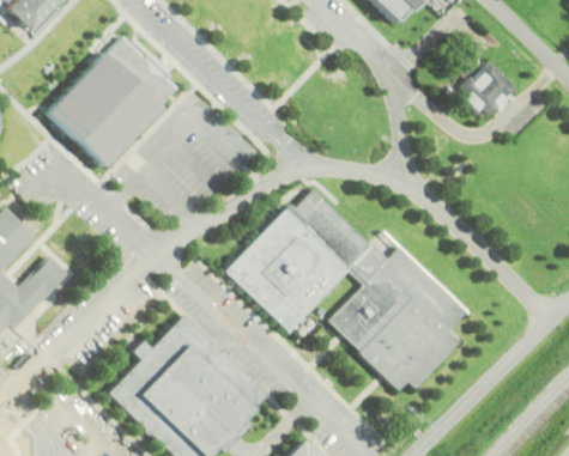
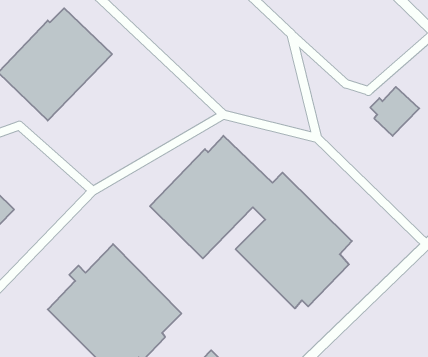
building: [458,61,515,118] -> [370,87,419,136]

